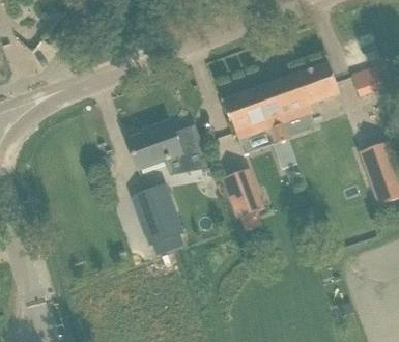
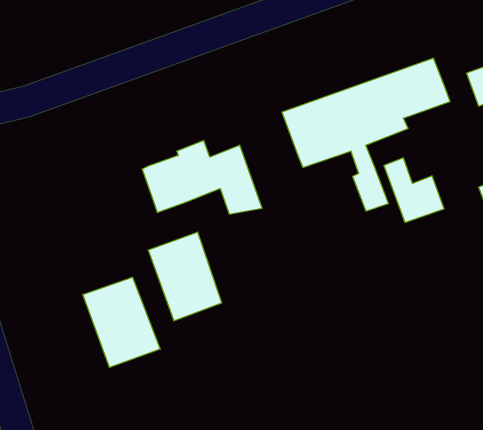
building: [222,172,263,217] -> [384,158,444,222]
building: none -> [83,277,160,368]

